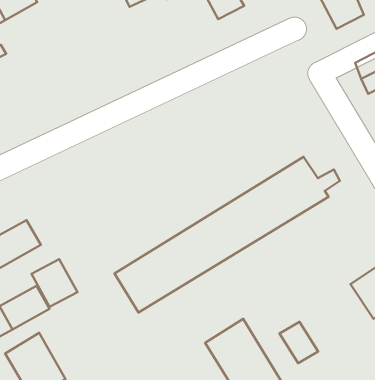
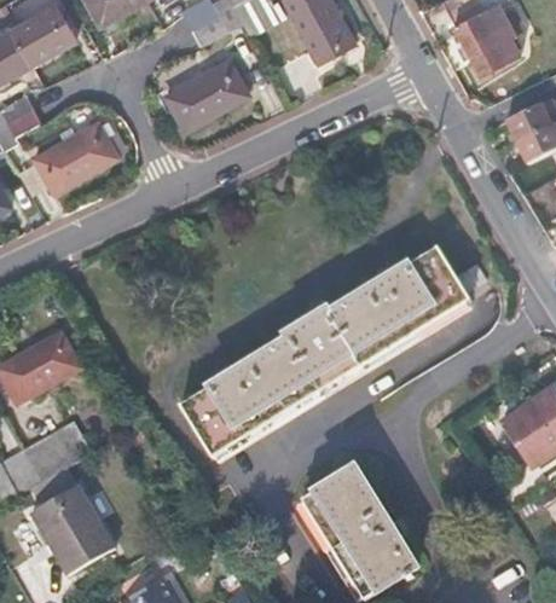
building: none -> [167,57,247,127]
building: none -> [33,121,115,190]
building: [31,259,77,307] -> none
building: [280,322,318,363] -> none

